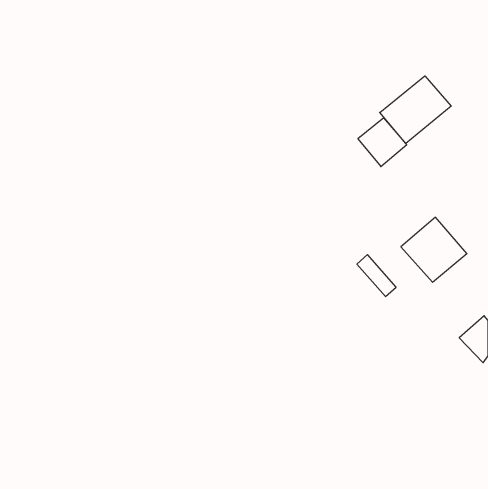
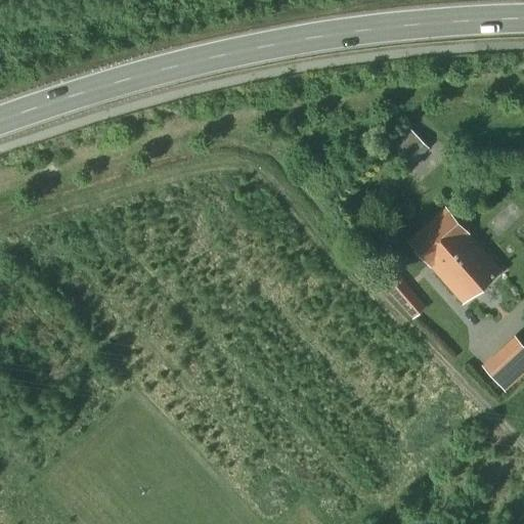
building: [380,76,451,144] -> none
building: none -> [409,211,466,264]

